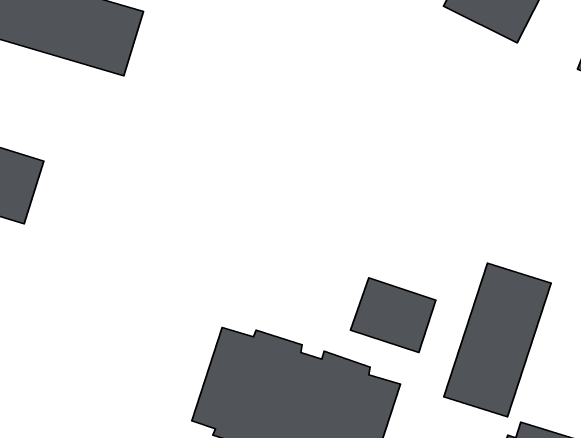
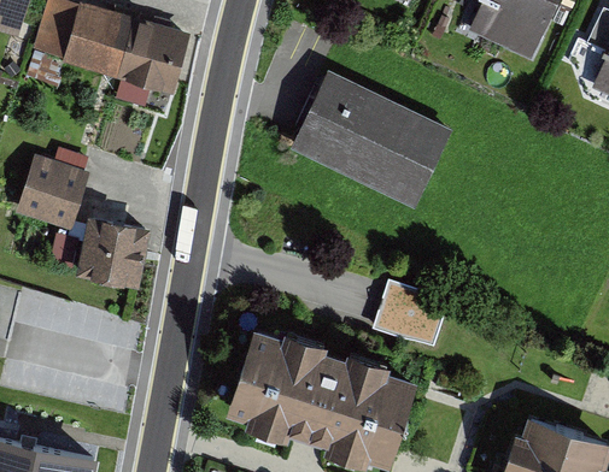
building: none -> [287,72,451,208]
building: none -> [78,214,151,285]
building: [444,263,551,417] -> none

